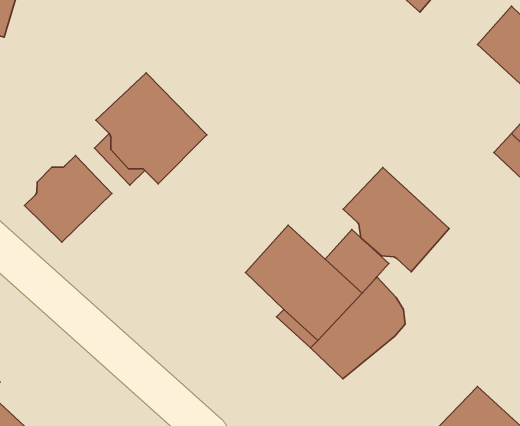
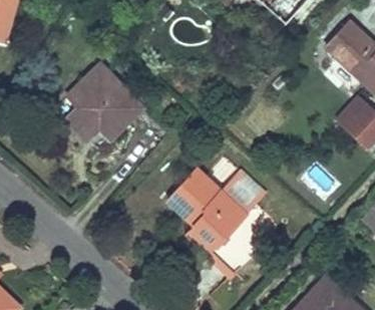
building: [25,155,112,242] -> none
building: [343,167,449,272] -> none

